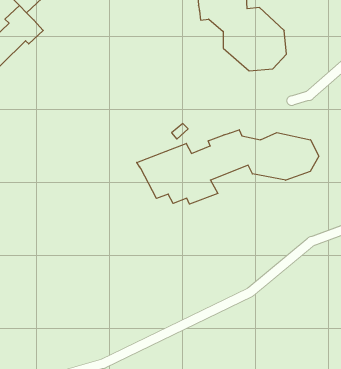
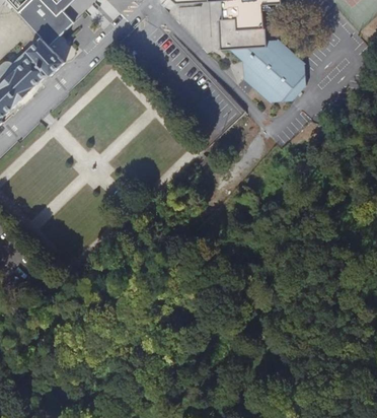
building: [137,130,319,204] -> none

